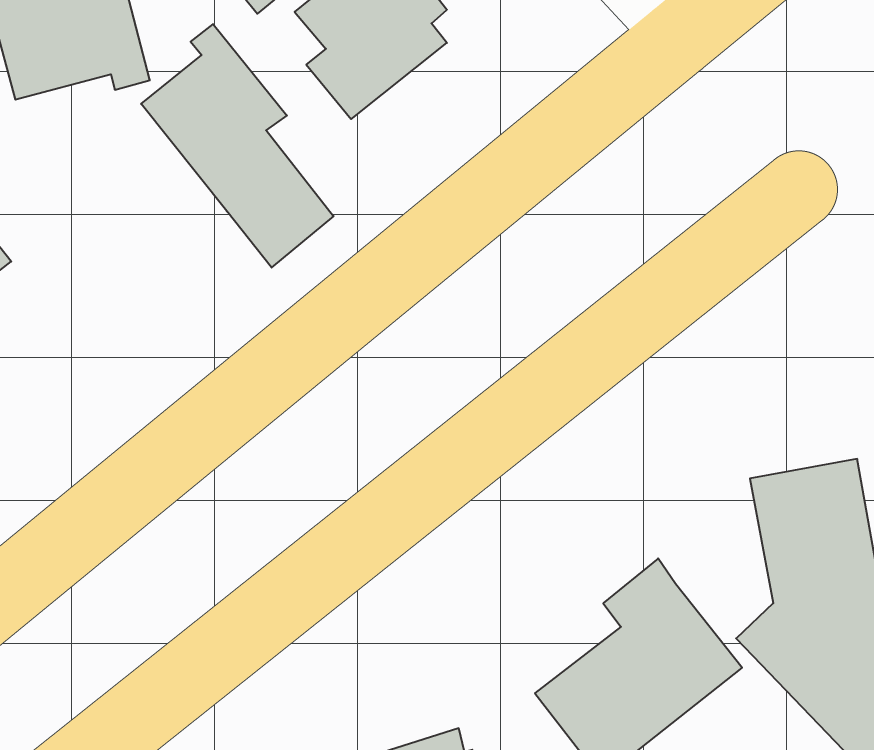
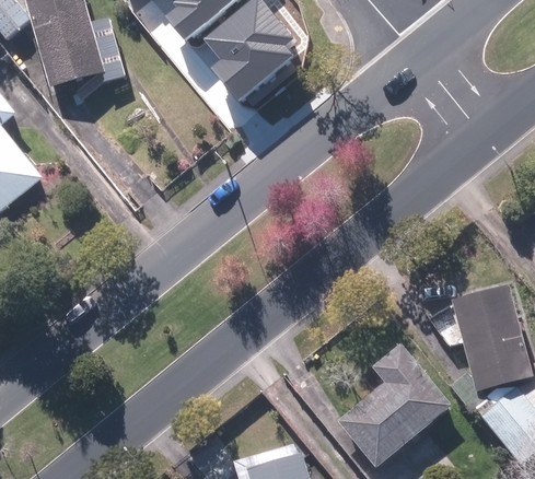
building: [141,24,334,268] -> none

